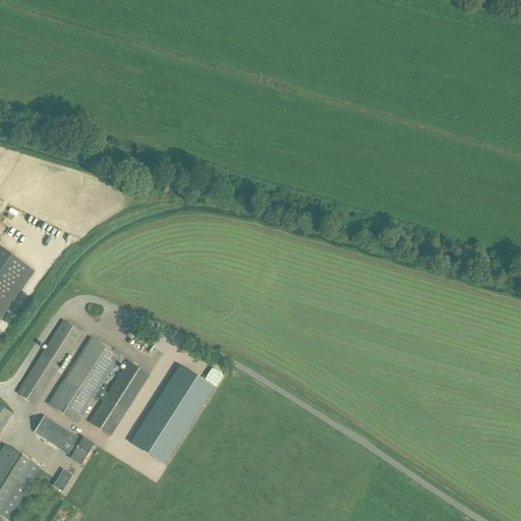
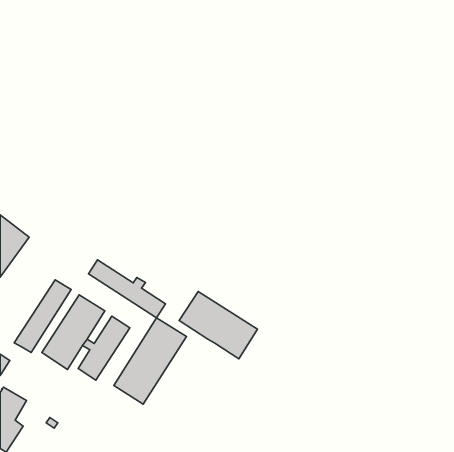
building: none -> [88,260,165,318]
building: none -> [179,292,258,359]
building: [34,415,94,463] -> none

